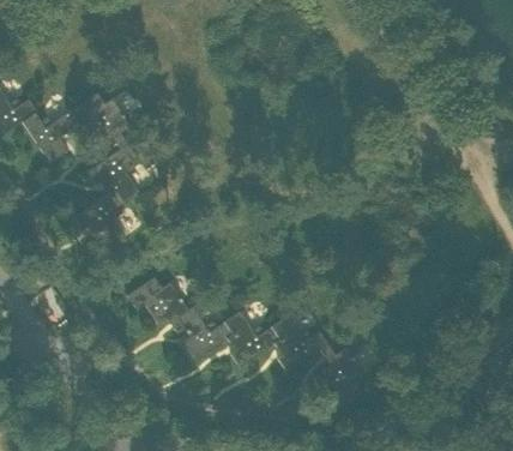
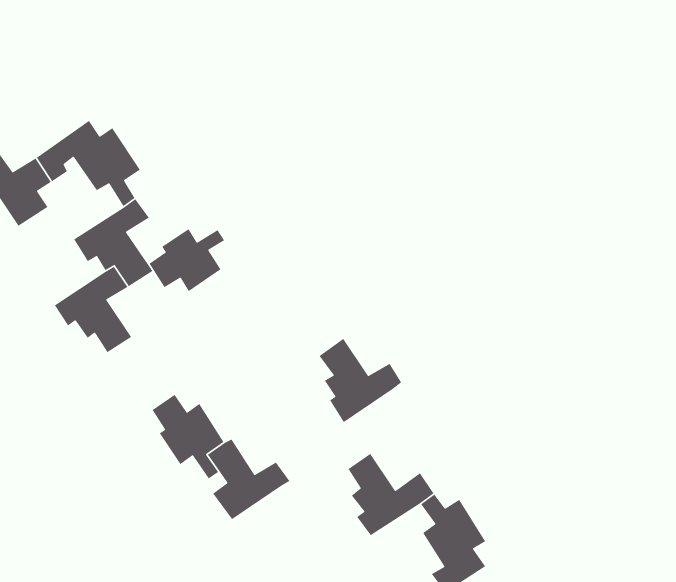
building: none -> [148,228,225,292]
building: [223,311,279,368] -> [319,338,402,423]

